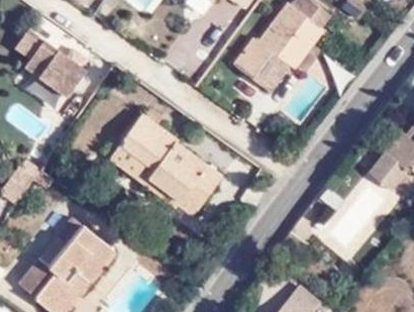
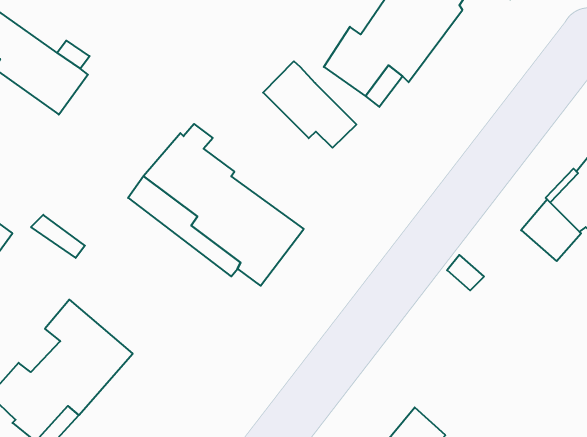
building: none -> [263,61,356,148]

